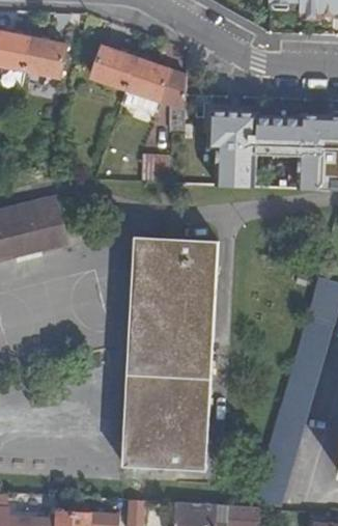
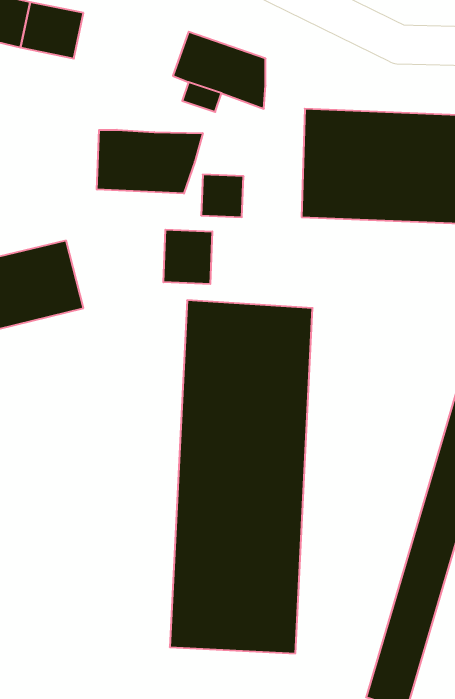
building: [91,47,135,87] -> none
building: none -> [97,130,203,194]
building: none -> [163,230,212,284]

